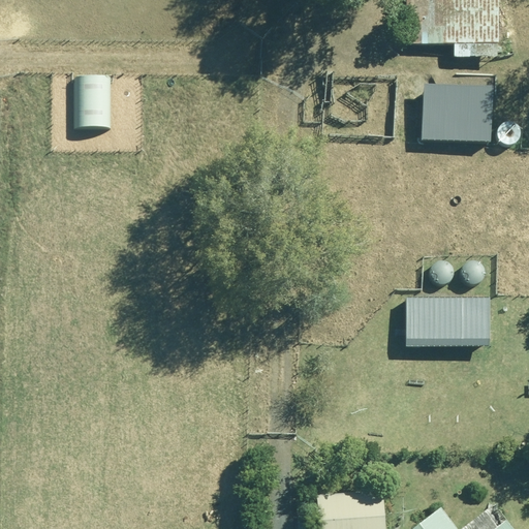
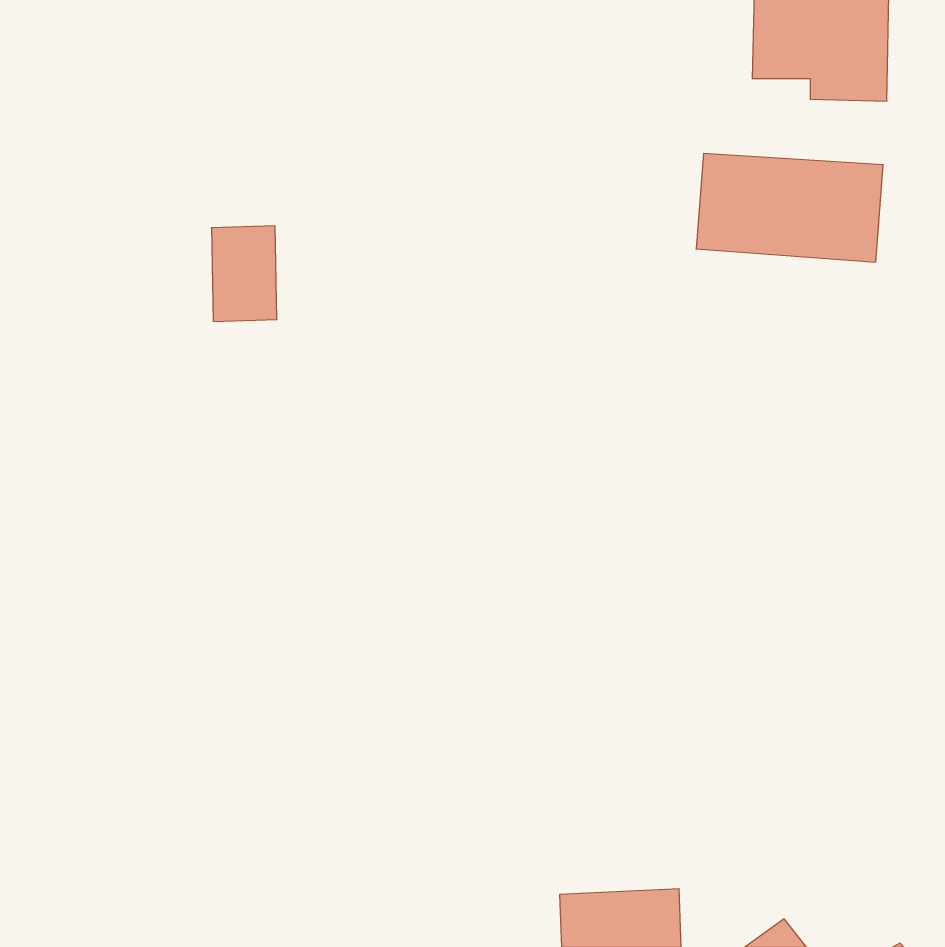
building: [77,74,114,127] -> [211,226,277,321]
building: [404,297,490,345] -> none

